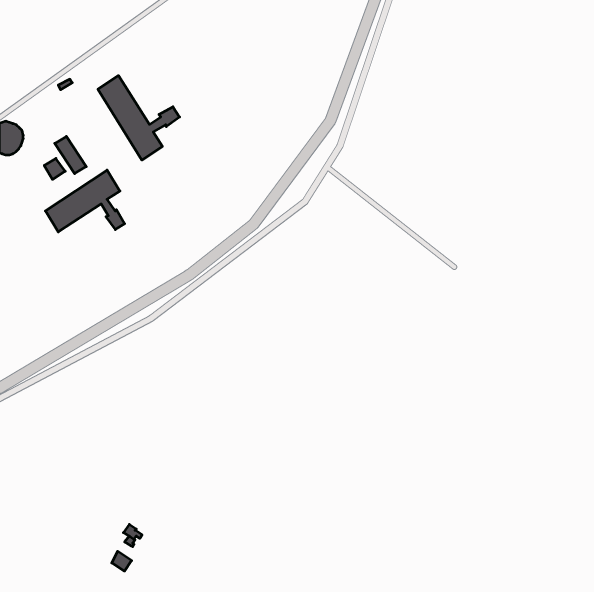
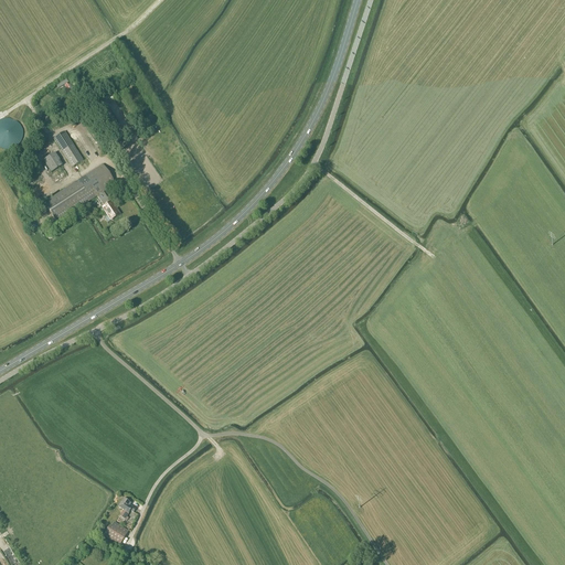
building: [98,76,180,160] -> none

